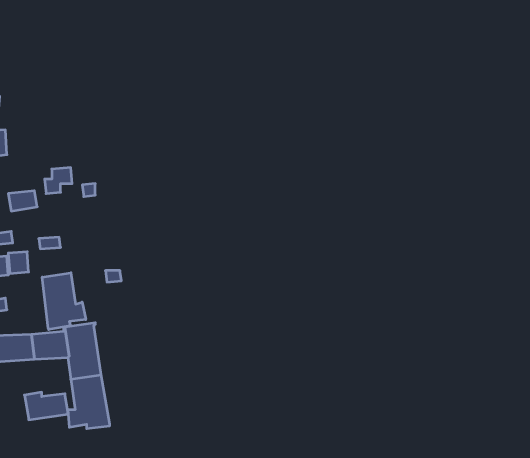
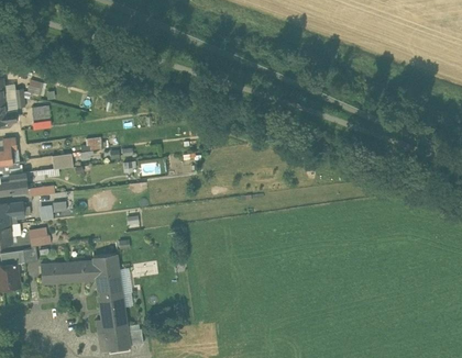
building: [42,273,86,330] -> none
building: [24,392,68,420] -> [98,331,131,351]

